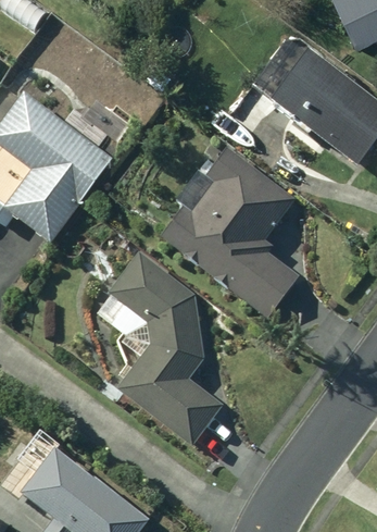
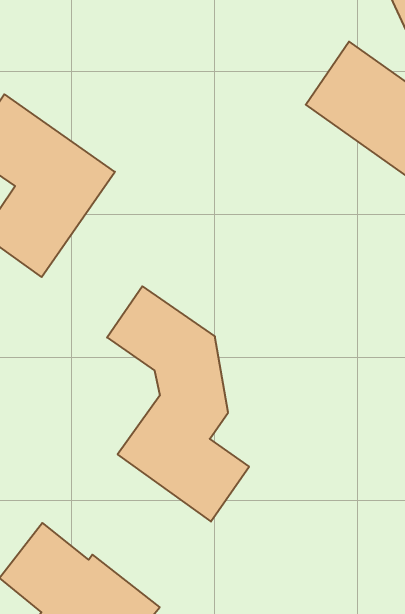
building: [160,145,299,316] -> none

